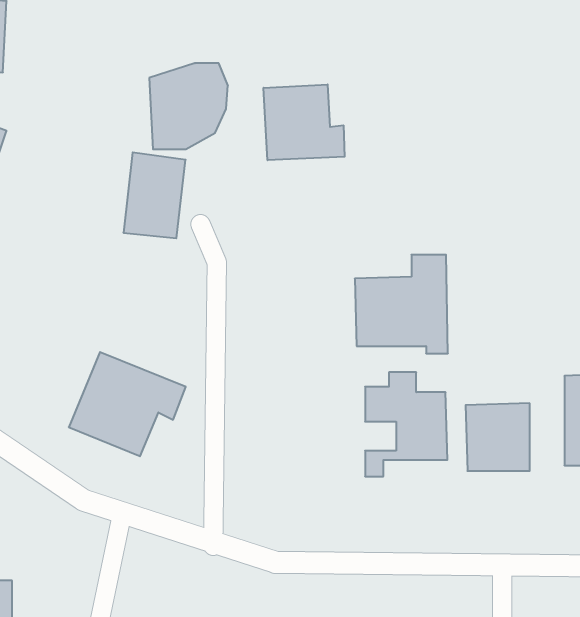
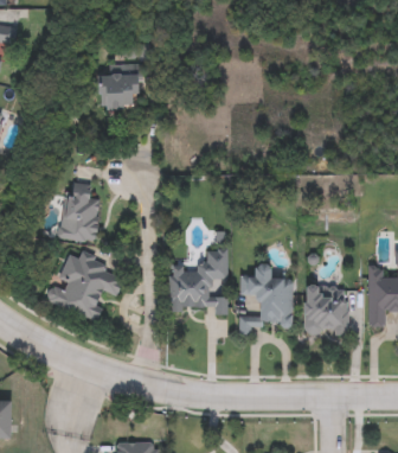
building: [264,84,345,160] -> none
building: [123,152,186,238] -> [59,185,100,241]
building: [355,255,448,353] -> [167,250,227,314]

